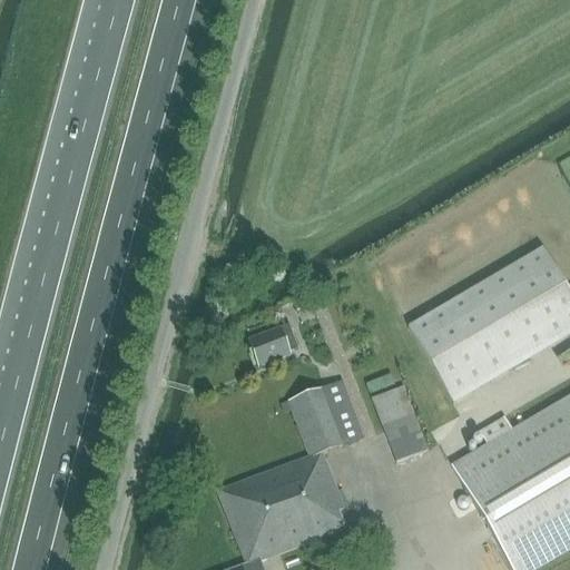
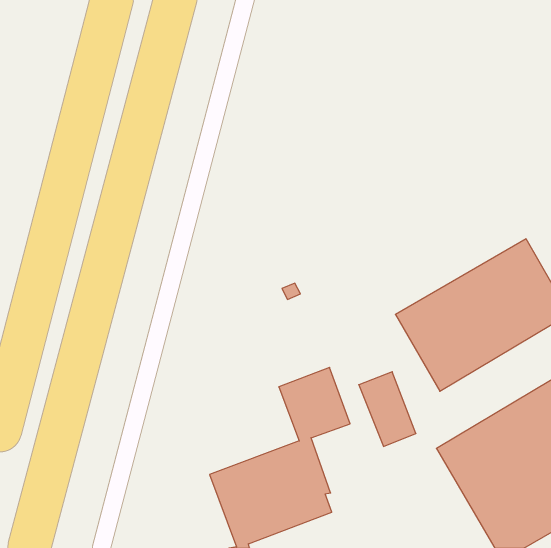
building: [247,325,297,364] -> none

